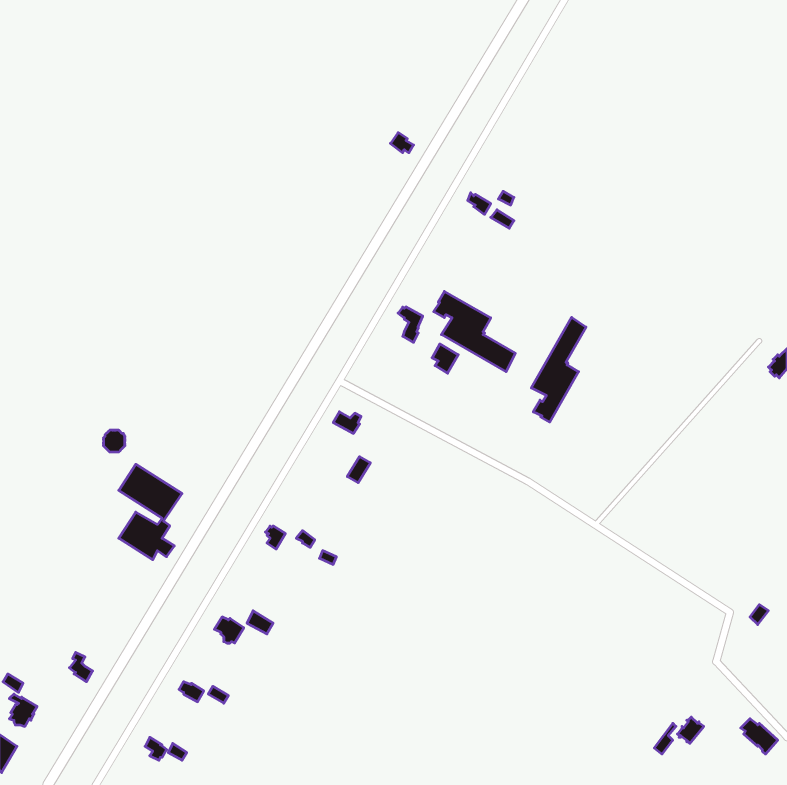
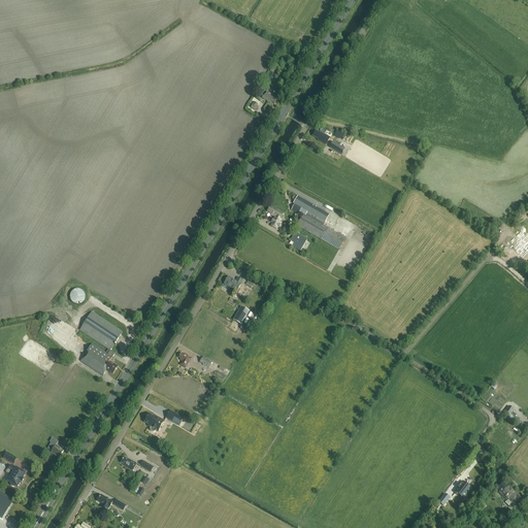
building: [531,317,586,422] -> none

